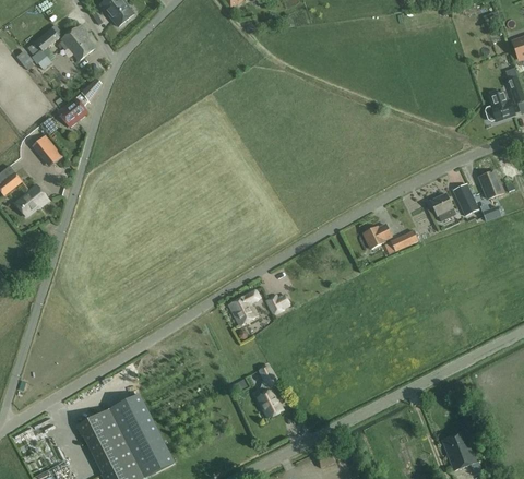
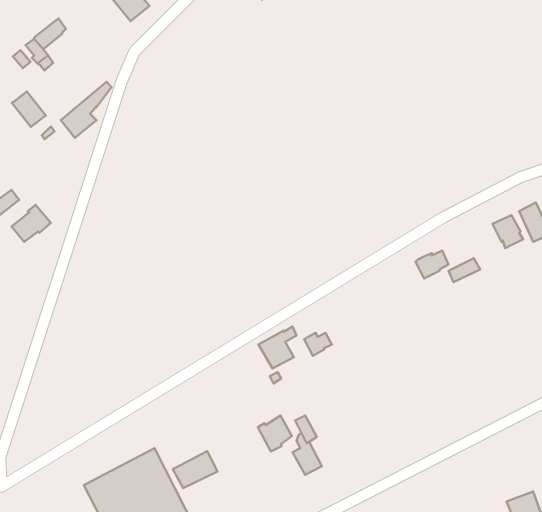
building: [60,23,93,60] -> none
building: [33,135,62,166] -> [12,91,46,127]
building: none -> [258,416,292,451]
building: none -> [173,451,217,488]

